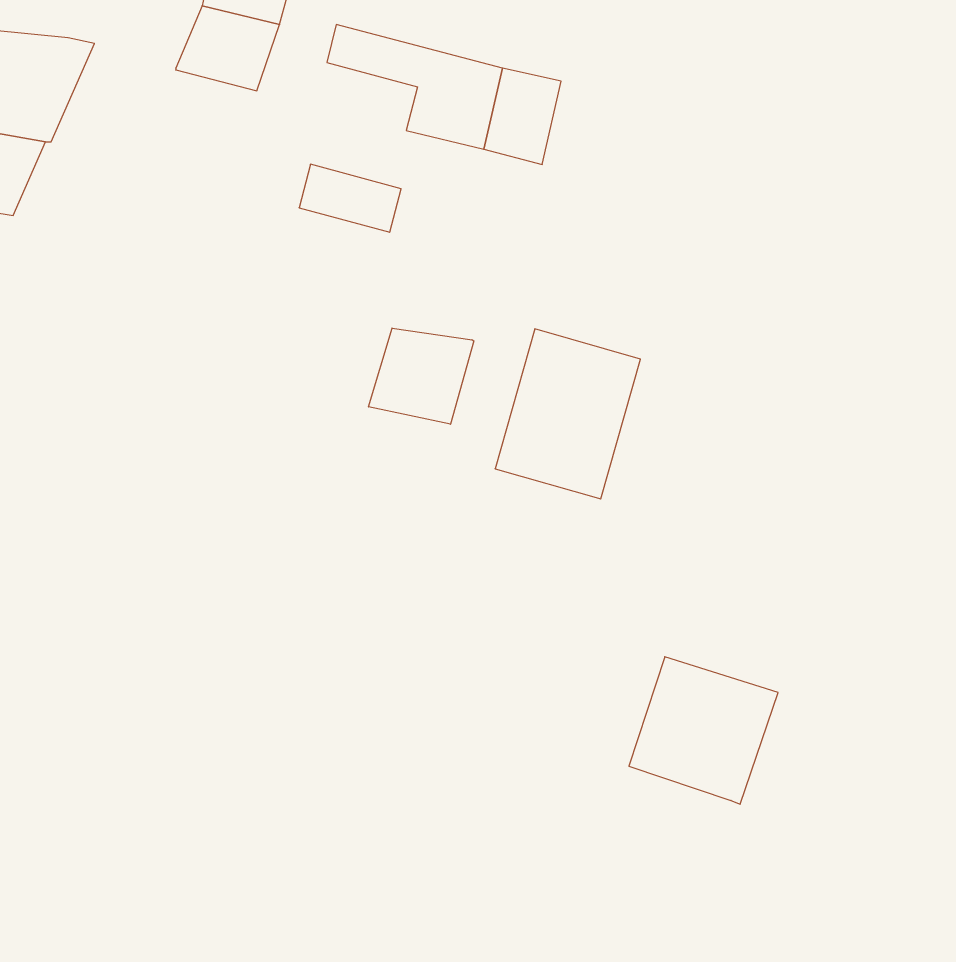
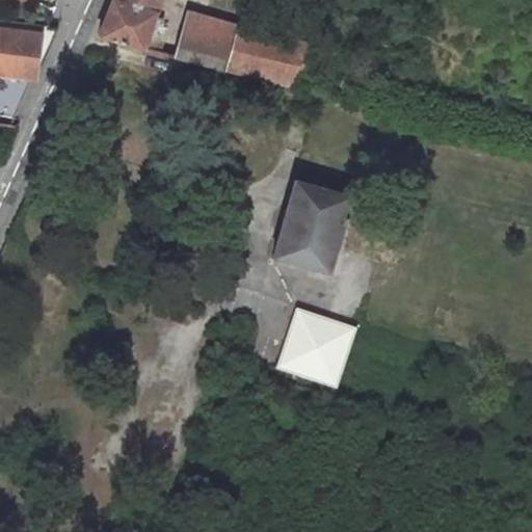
building: [299,164,401,232] -> [174,34,230,72]
building: [369,328,474,424] -> none
building: [629,657,778,804] -> [276,307,358,388]

